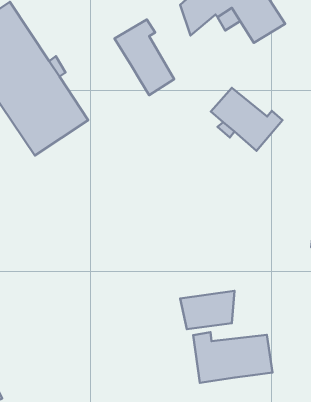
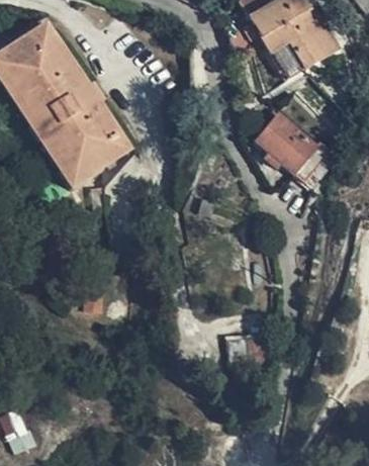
building: [115,19,174,95] -> none
building: [193,332,273,383] -> none

